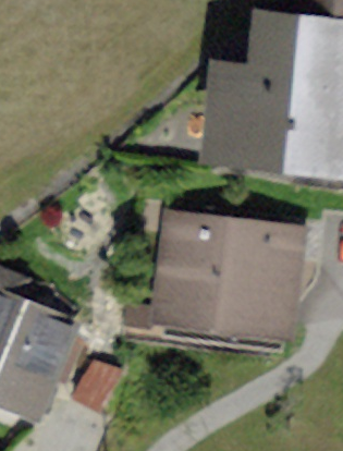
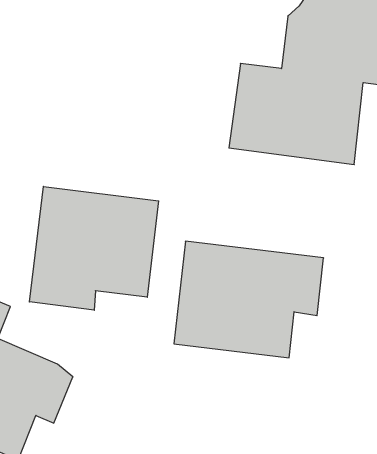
building: none -> [29,186,159,310]

